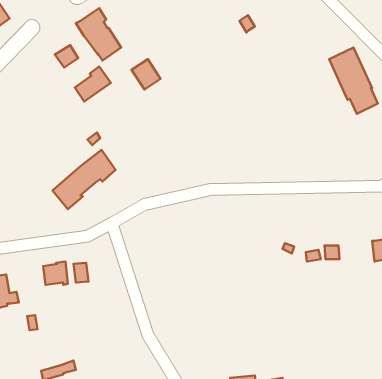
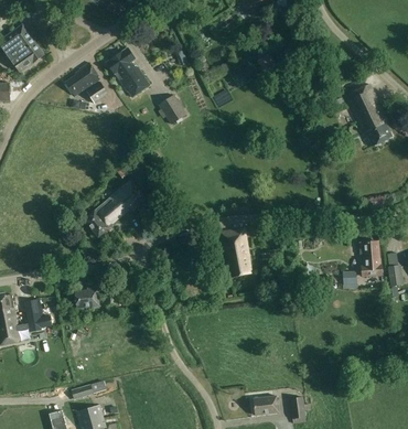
building: [75,67,111,101] -> [66,62,100,95]
building: none -> [219,227,251,276]
building: none -> [361,242,383,276]

